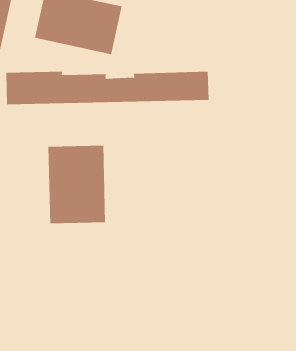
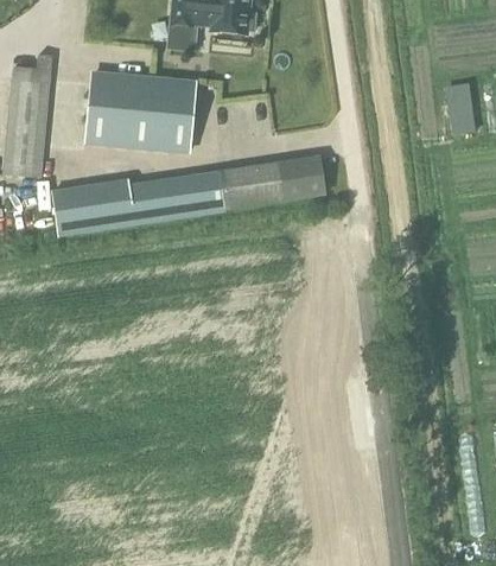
building: [48,145,106,224] -> none

